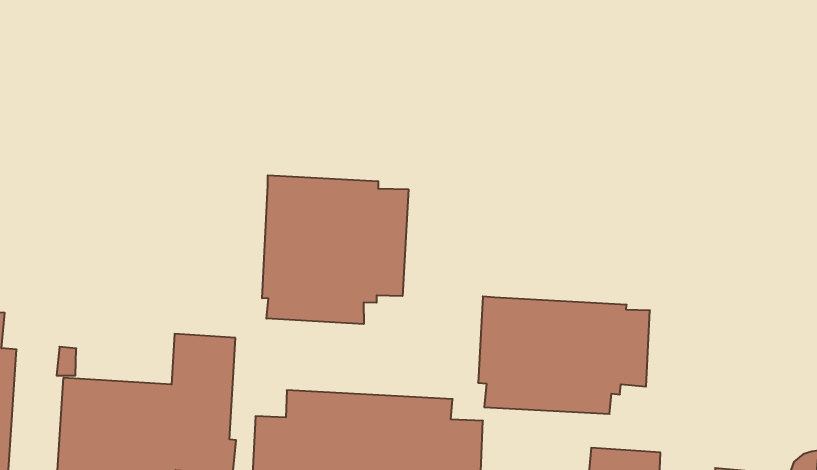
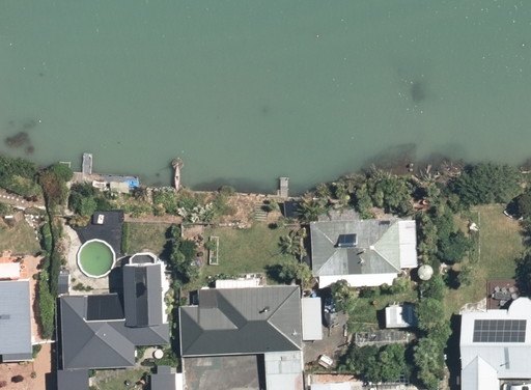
building: [262,175,408,324] -> none

